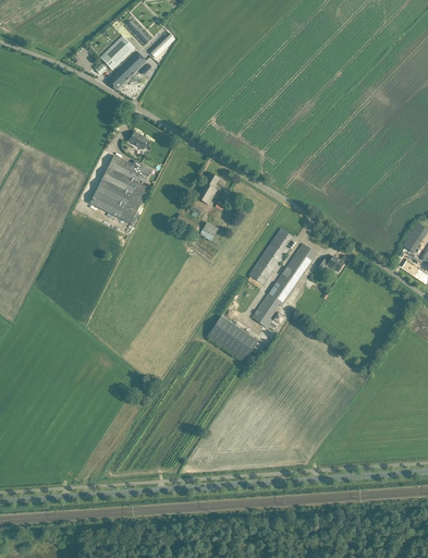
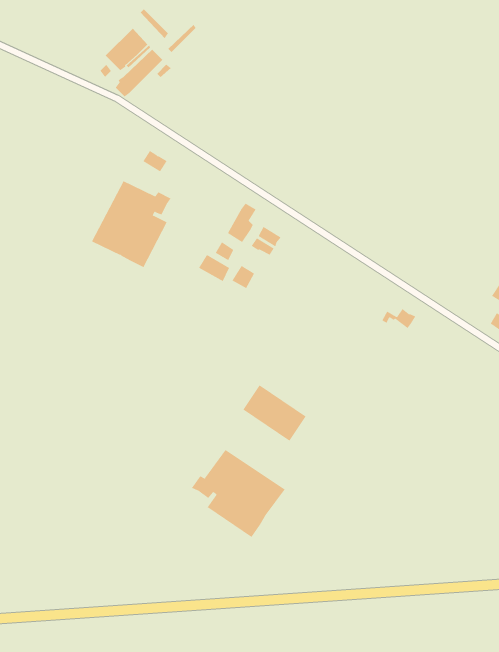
building: [247,228,295,286] -> none
building: [252,243,317,328] -> none
building: none -> [191,449,285,538]

